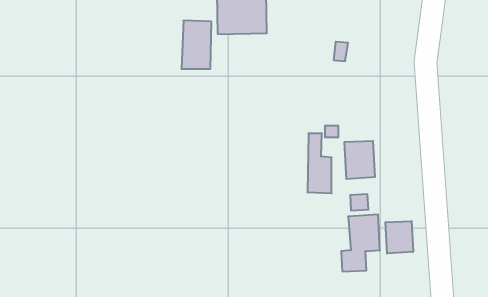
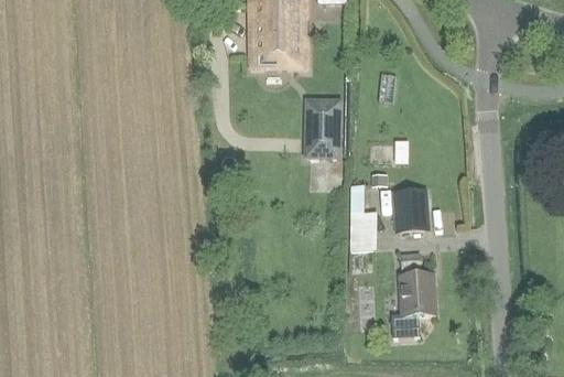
building: [181,21,211,69] -> [305,98,339,153]
building: [386,221,413,254] -> none

